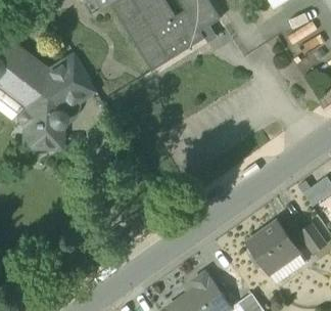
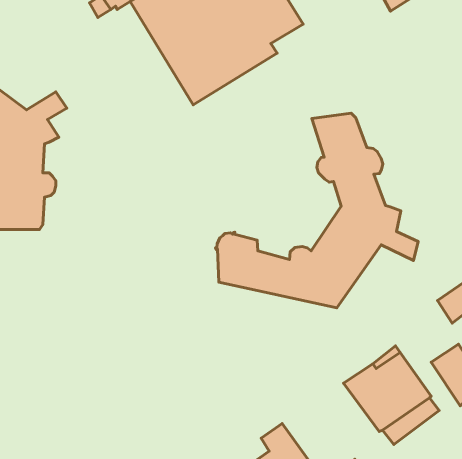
building: [57,54,94,100] -> none
building: none -> [215,113,418,308]

